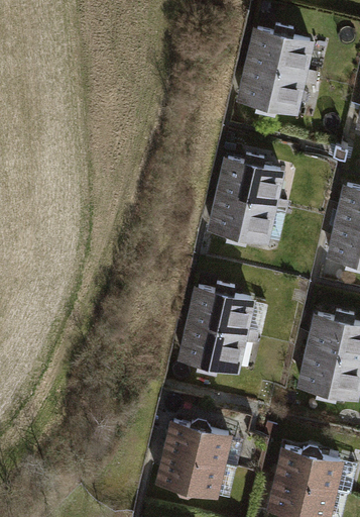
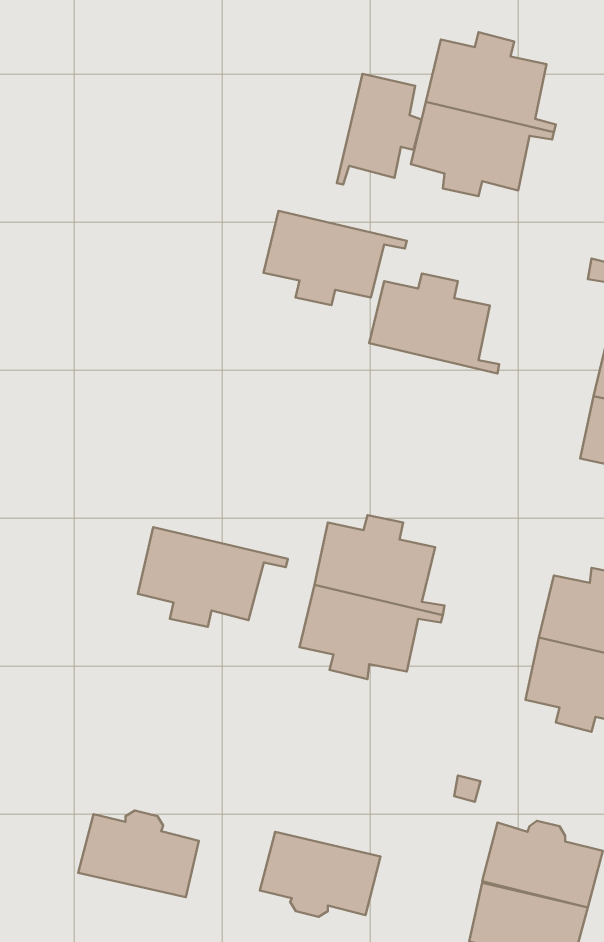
building: none -> [337,74,421,184]
building: [209,193,285,243] -> [264,211,407,305]
building: none -> [138,527,288,627]
building: [165,421,230,468] -> [78,810,199,897]

